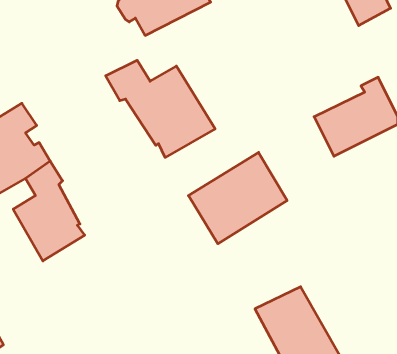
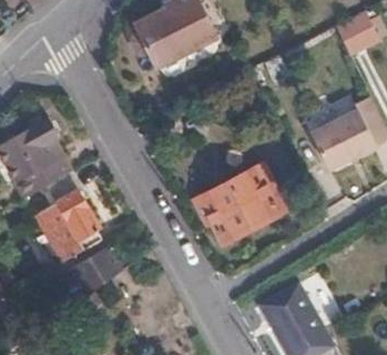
building: [106,60,215,157] -> none
building: none -> [64,247,124,292]

